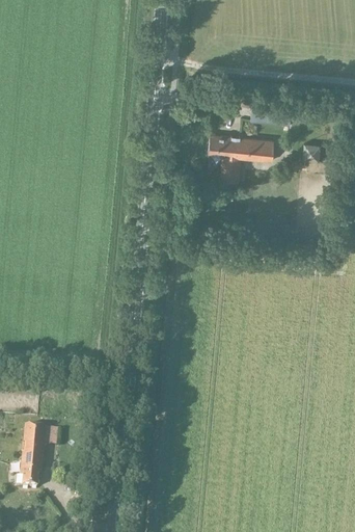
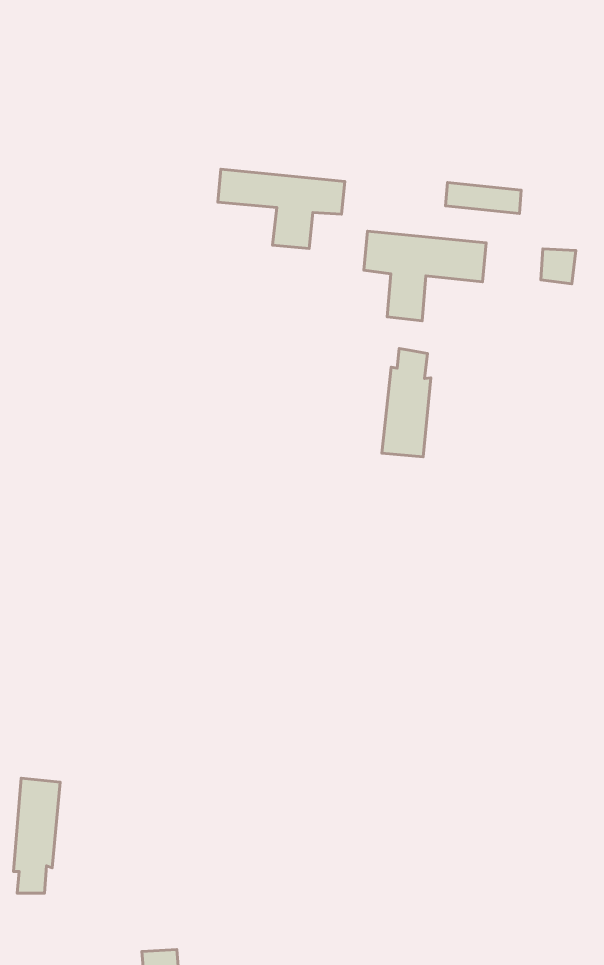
building: none -> [218,169,345,249]
building: none -> [382,348,431,457]

